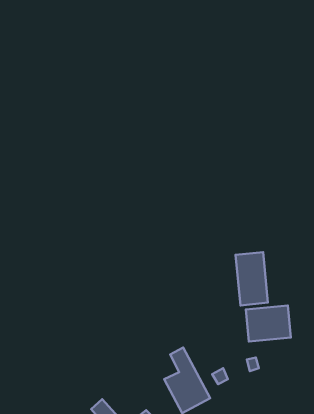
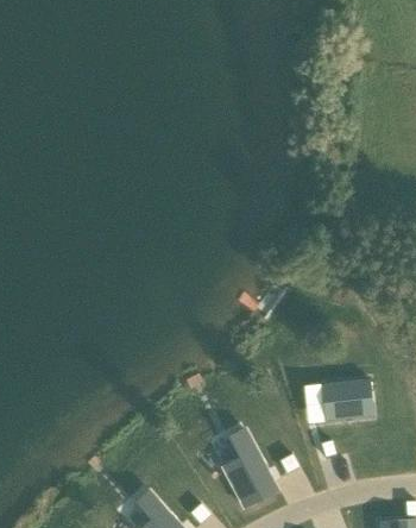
building: [236,252,268,305] -> none

